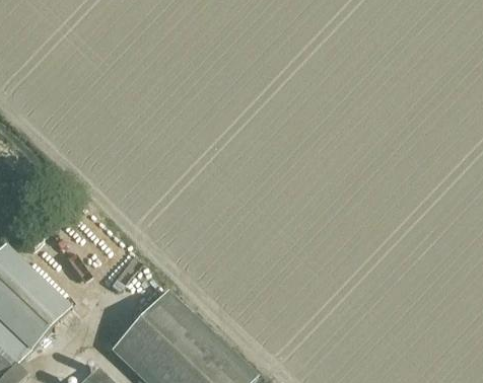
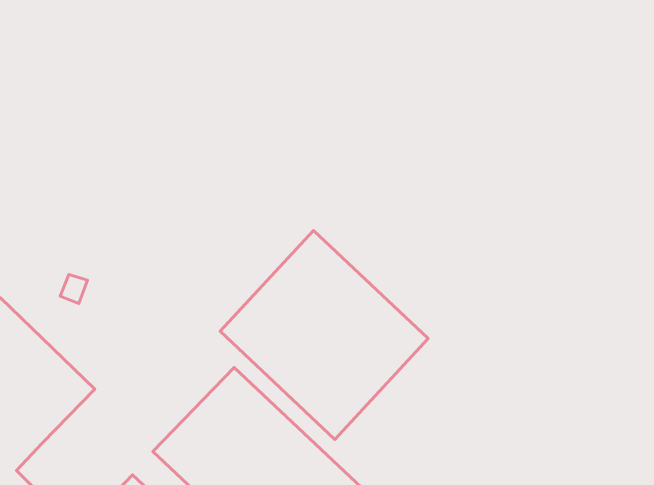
building: none -> [220,230,428,439]

